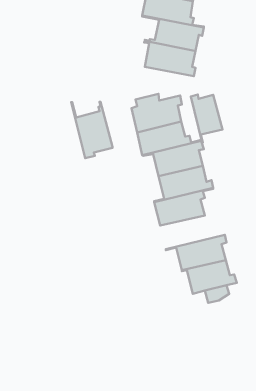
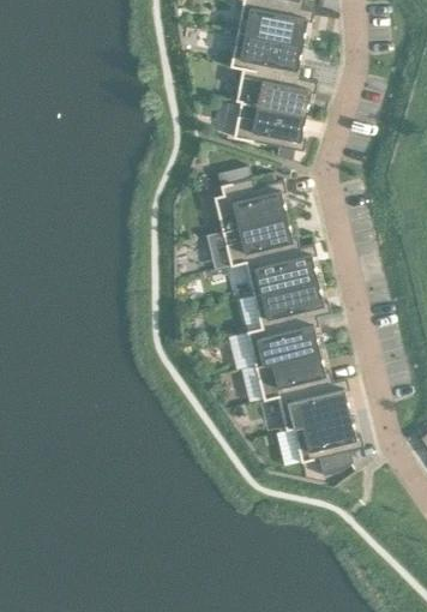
building: [191,95,222,143] -> none
building: [71,102,112,158] -> none
building: none -> [252,350,344,398]

